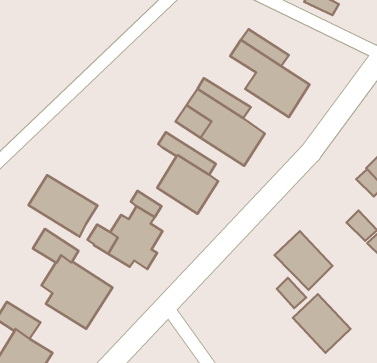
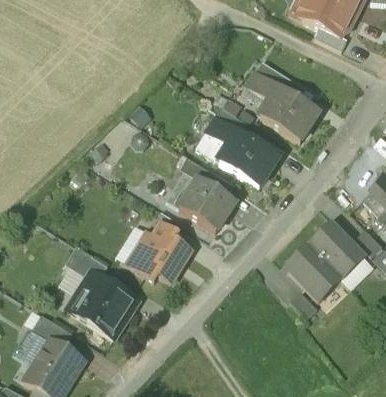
building: none -> [164,172,196,209]
building: [29,175,97,237] -> none
building: [293,294,350,353] -> [309,227,362,281]

